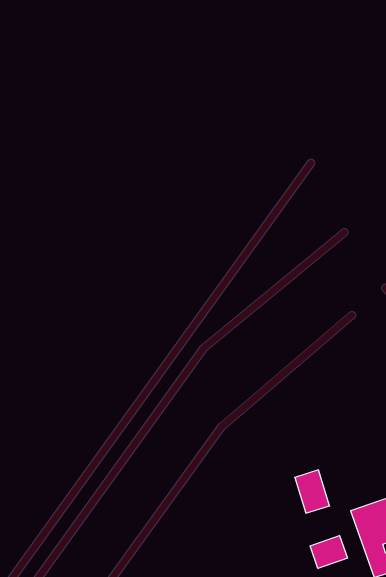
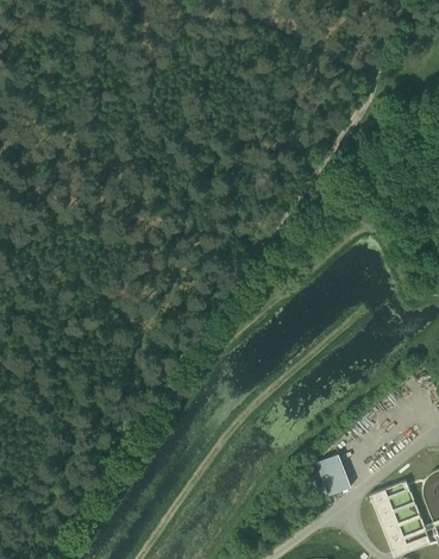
building: [310,536,347,568] -> none

